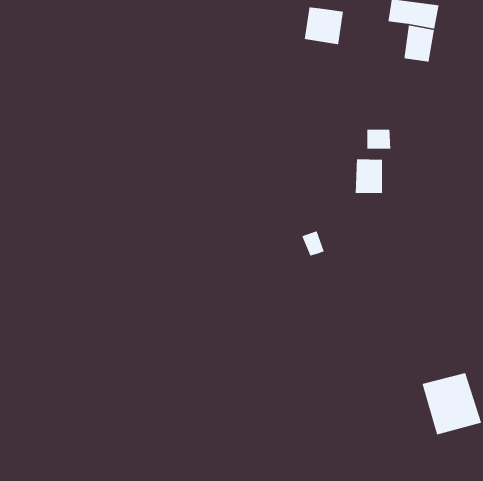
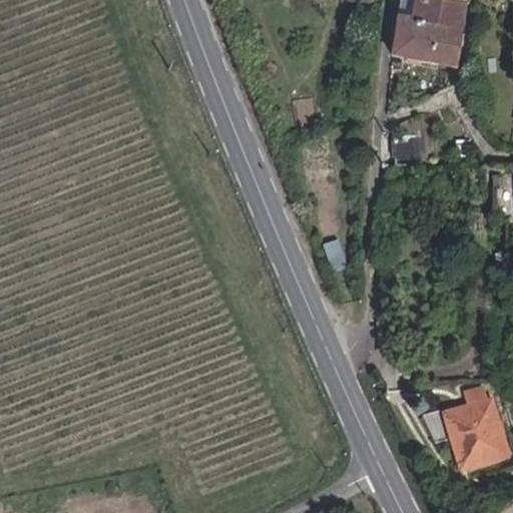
building: [304,6,344,45] -> [391,21,433,62]
building: [355,158,383,194] -> none

